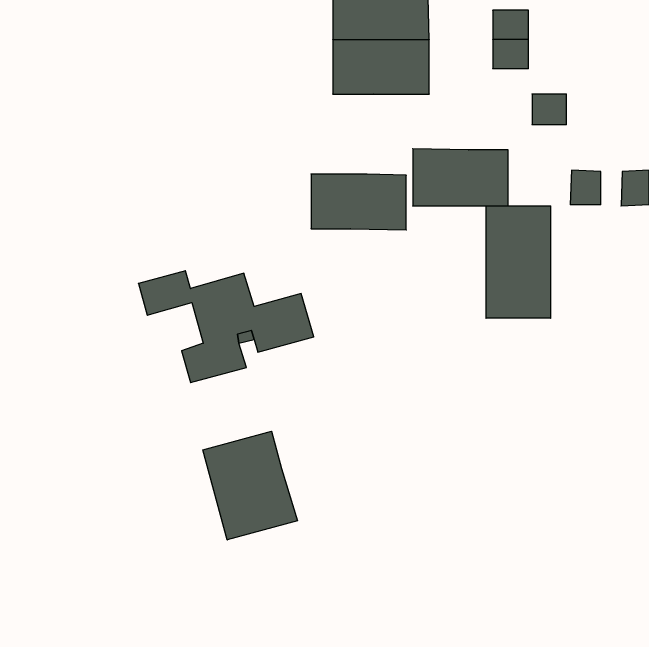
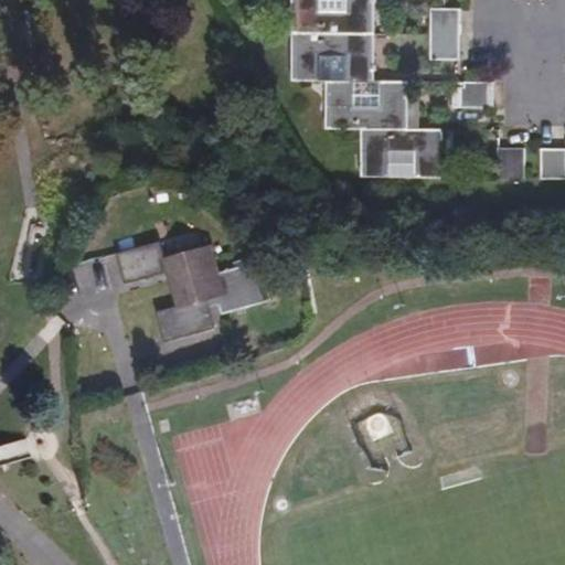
building: [311,174,406,230] -> [324,82,407,130]
building: [486,206,551,318] -> none
building: [203,431,297,540] -> none

